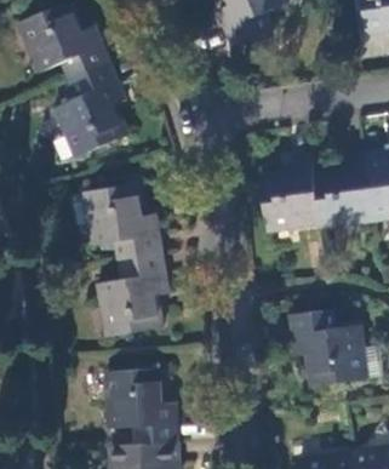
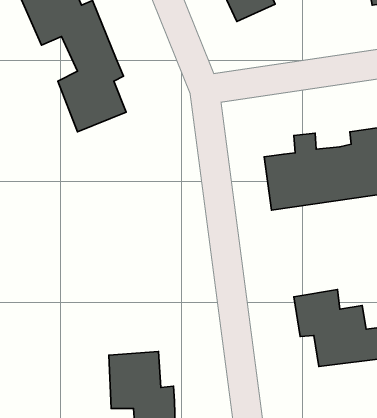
building: [70,185,165,334] -> none

